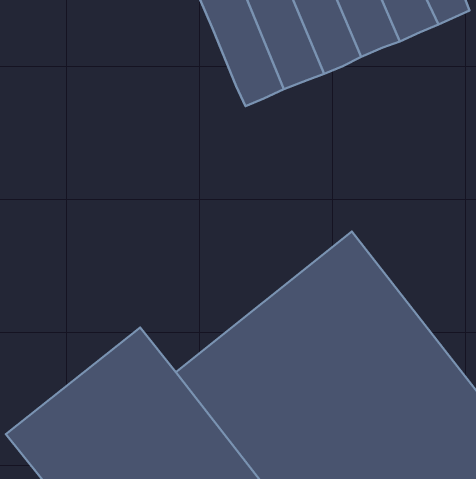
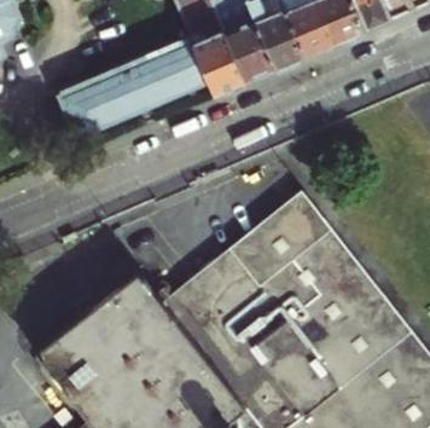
building: none -> [60,36,209,135]

